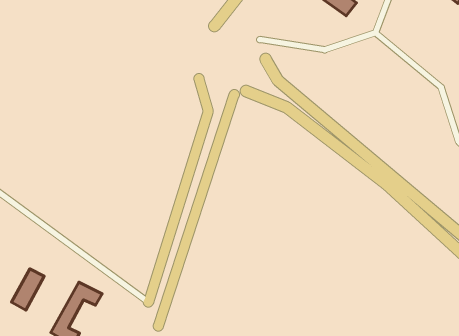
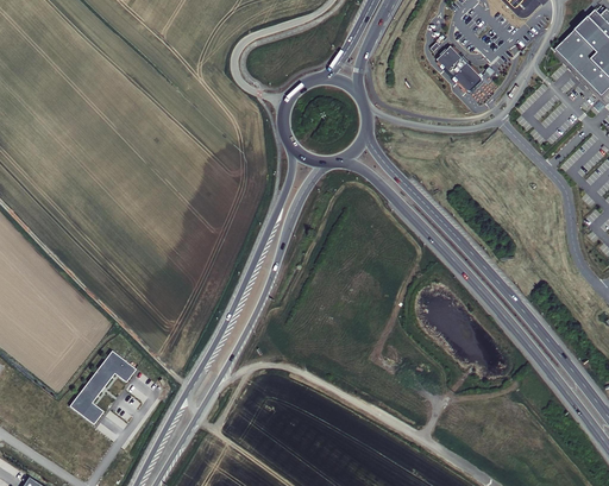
building: [11,269,44,310] -> none

